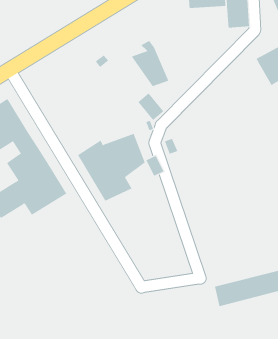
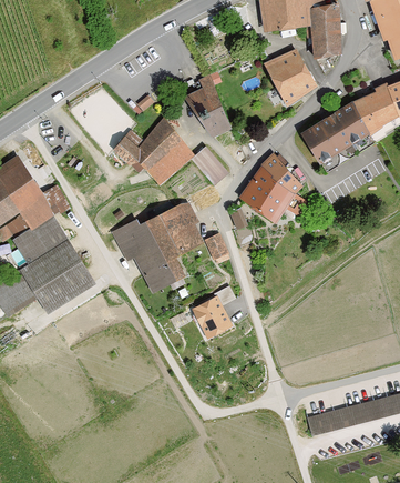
building: none -> [261,48,319,107]
building: none -> [302,103,373,167]
building: none -> [113,115,193,187]
building: none -> [239,151,308,223]
building: none -> [186,293,227,338]

